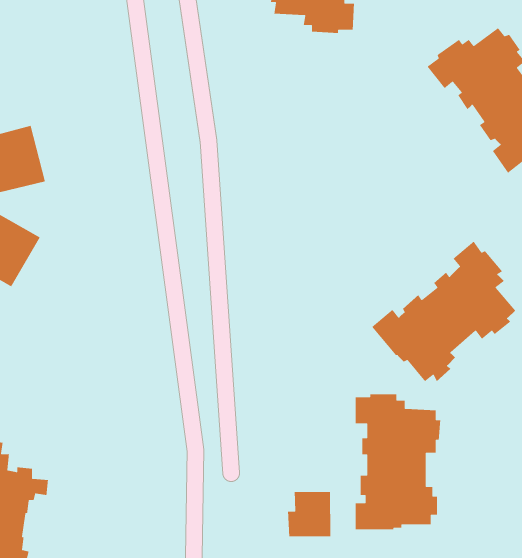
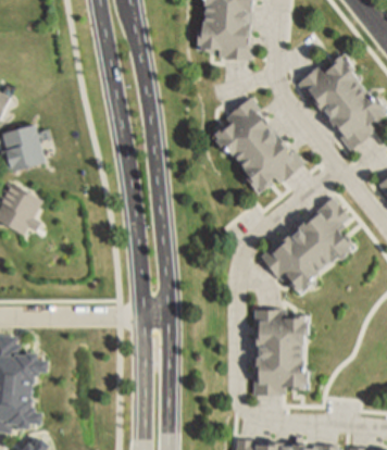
building: none -> [217,97,307,197]
building: [287,491,331,537] -> none

